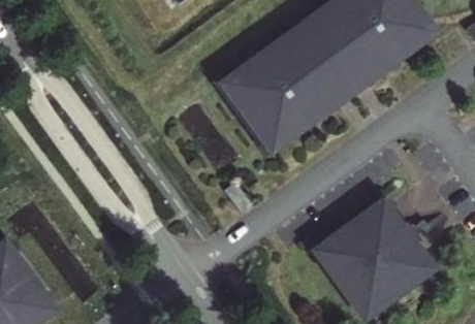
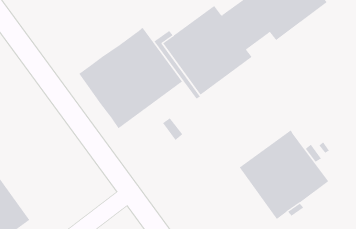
building: none -> [79,27,183,129]

